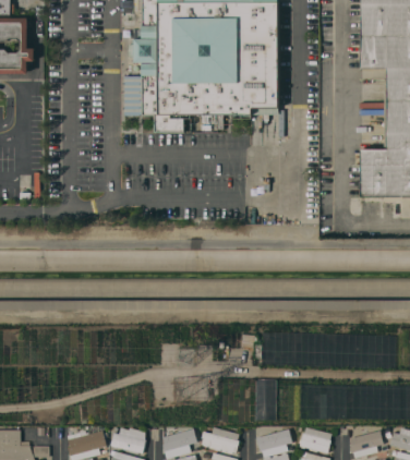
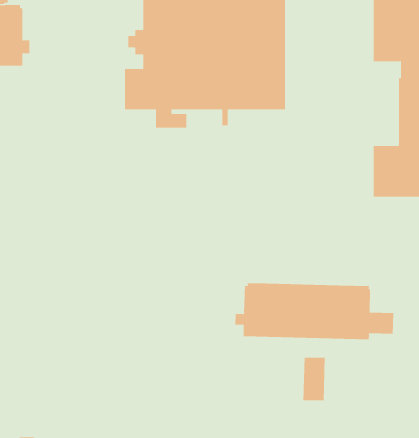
building: none -> [235,282,394,340]
building: [254,378,276,420] -> [303,357,326,401]

